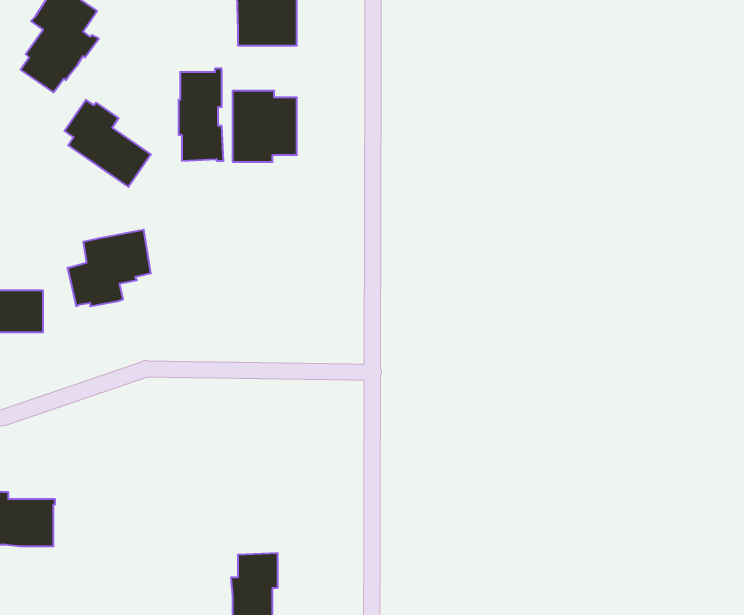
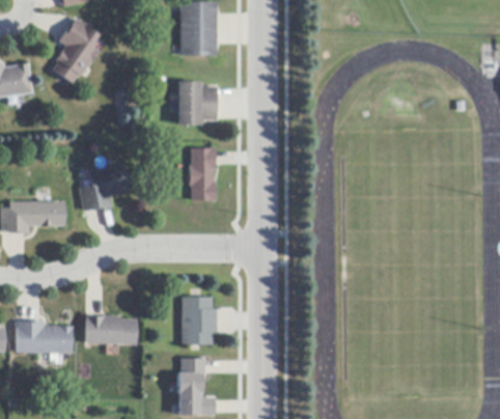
building: [178,69,224,161] -> [189,146,216,201]
building: [64,100,151,187] -> none
building: none -> [182,297,217,344]
building: none -> [85,315,136,344]

